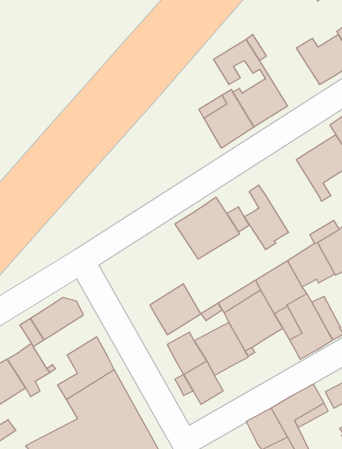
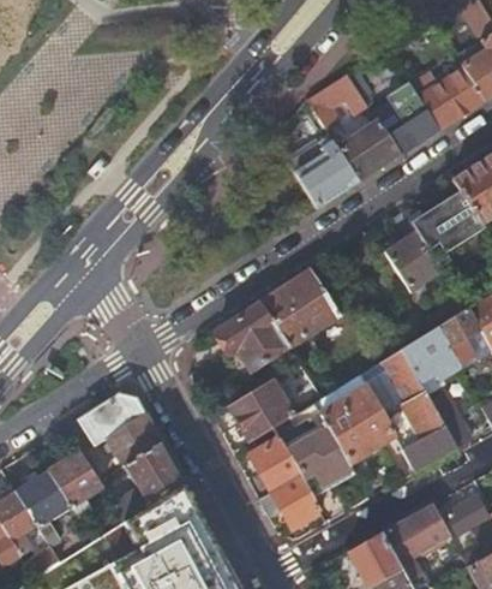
building: none -> [377,93,439,156]
building: [244,185,289,250] -> [384,212,439,292]
building: none -> [216,304,287,370]
building: none -> [108,417,162,469]

